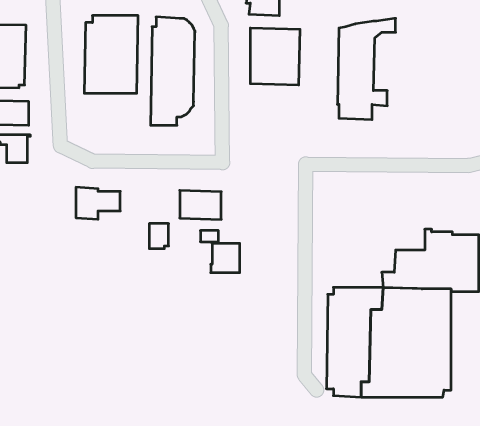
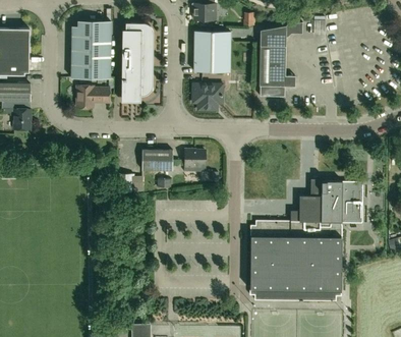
building: none -> [193,83,223,109]
building: [76,187,120,219] -> [77,85,110,108]
building: [211,243,240,273] -> [184,150,206,171]

